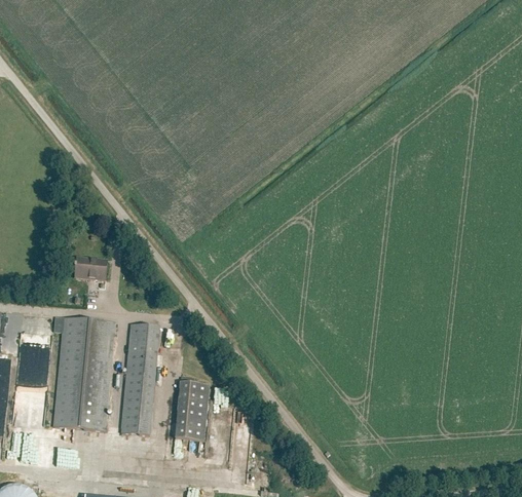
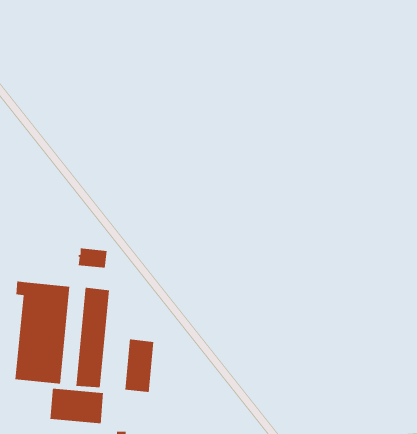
building: [74,259,107,281] -> [78,248,107,268]
building: none -> [50,388,104,424]

